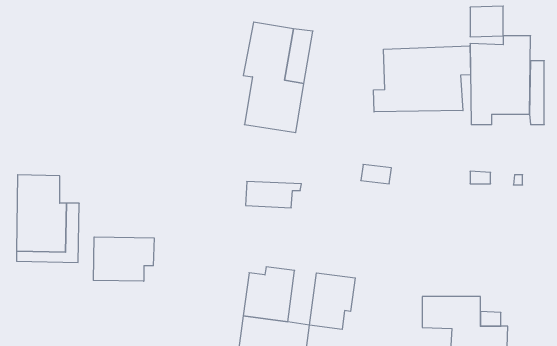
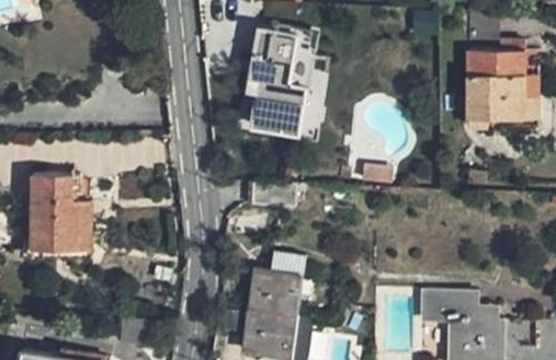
building: [374,46,471,112] -> none
building: [93,237,154,281] -> none
building: [309,273,355,329] -> none

